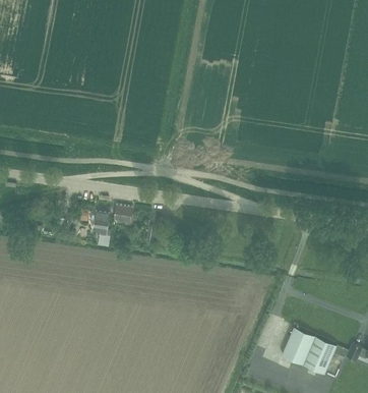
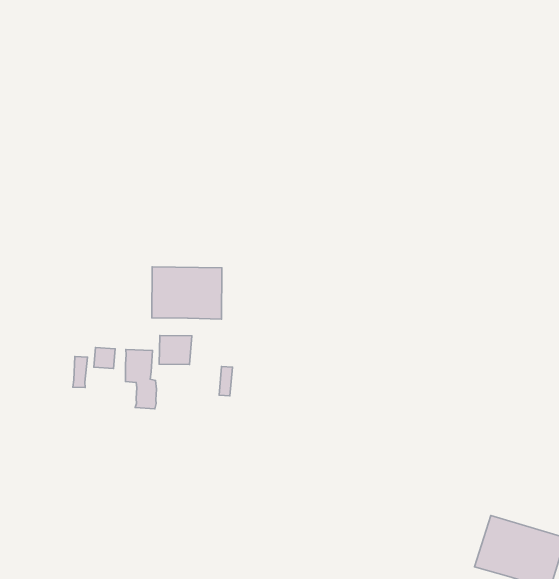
building: none -> [152,267,222,319]

